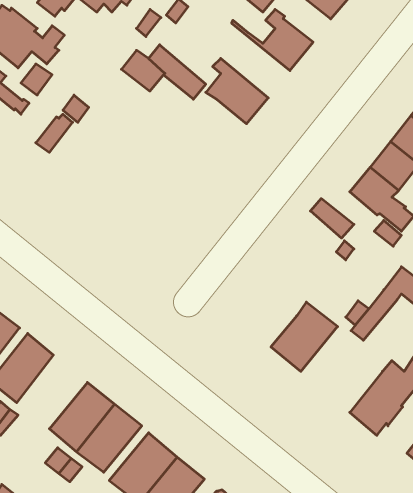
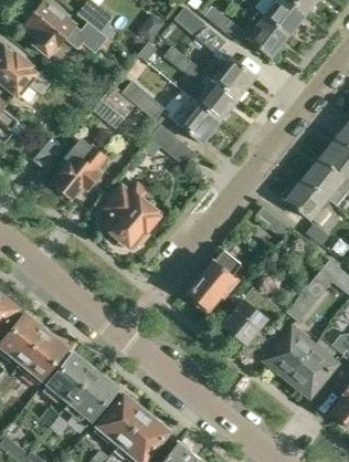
building: none -> [181,61,237,122]
building: none -> [149,122,199,166]
building: none -> [50,136,106,200]
building: none -> [104,187,158,248]
building: none -> [188,249,242,309]
building: none -> [264,322,313,377]
building: none -> [15,330,67,386]

